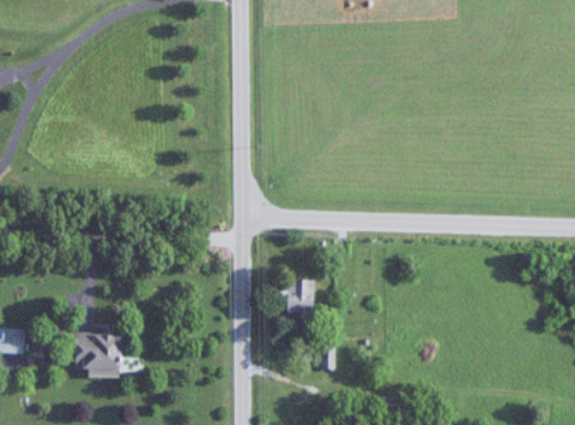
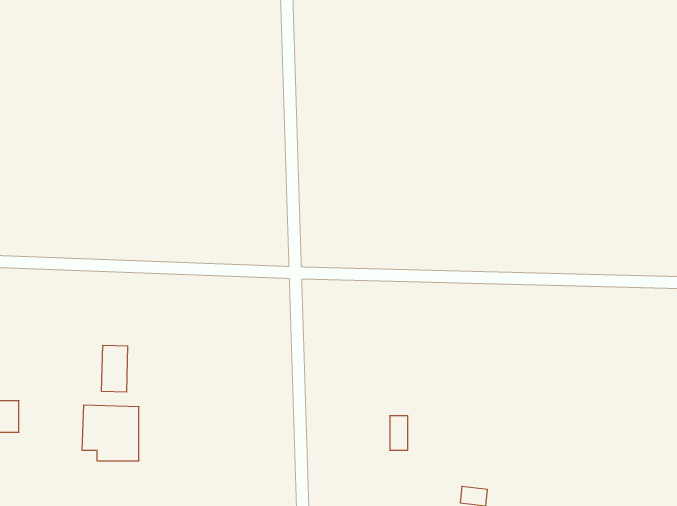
building: [289,280,314,314] -> none
building: none -> [102,345,128,392]

